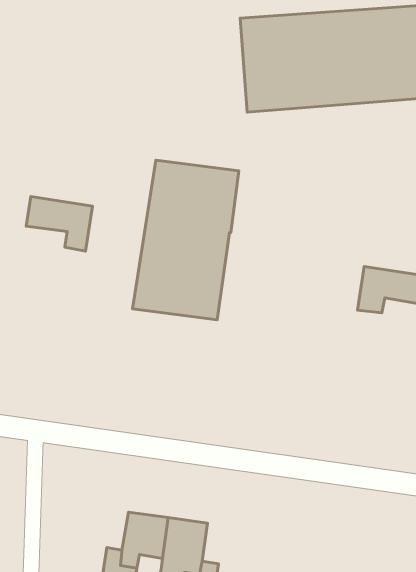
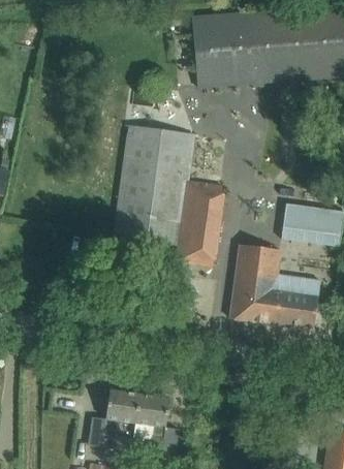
building: [26,197,92,251] -> none
building: none -> [175,178,221,265]
building: none -> [229,243,319,330]

